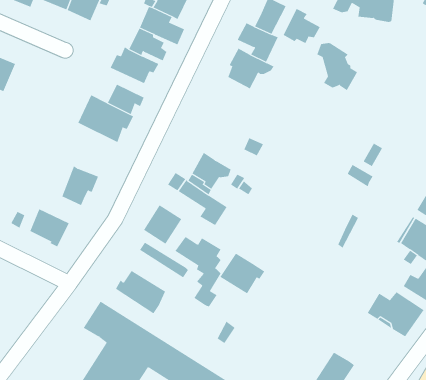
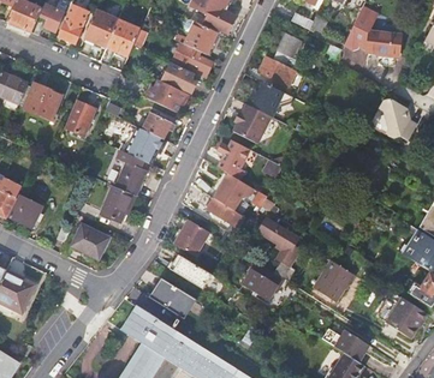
building: [283,8,320,44] -> none
building: [316,43,358,91] -> [380,98,417,142]
building: none -> [64,100,94,134]
building: none -> [233,103,270,144]
building: none -> [219,140,254,180]
building: none -> [115,162,144,194]
building: [175,236,221,307] -> [256,217,298,281]
building: none -> [313,260,353,302]
building: none -> [331,330,368,360]

